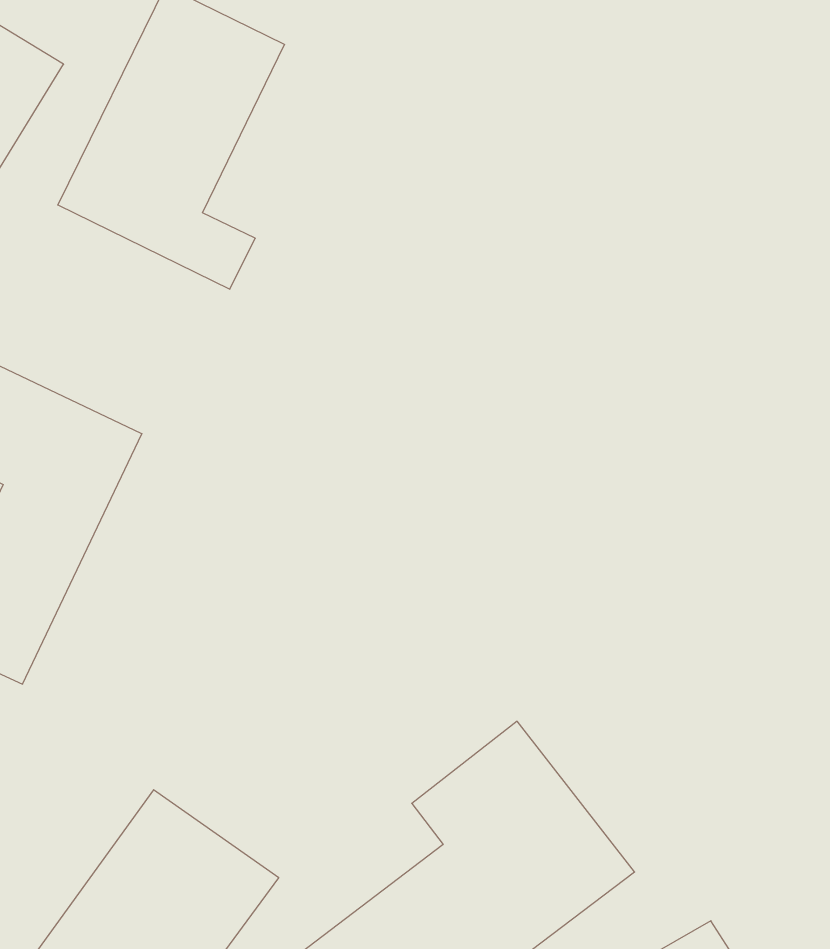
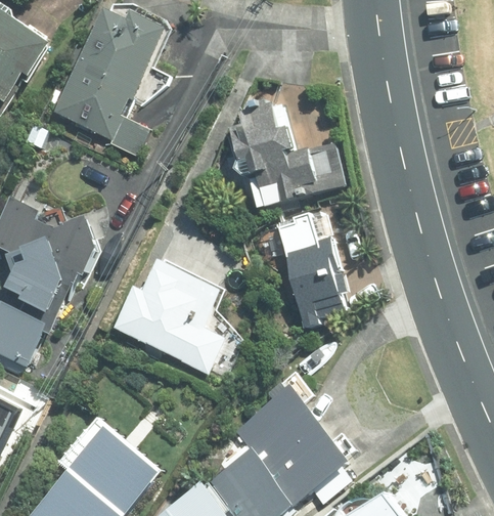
building: none -> [230,95,340,208]
building: none -> [260,213,345,330]
building: none -> [122,266,225,377]

